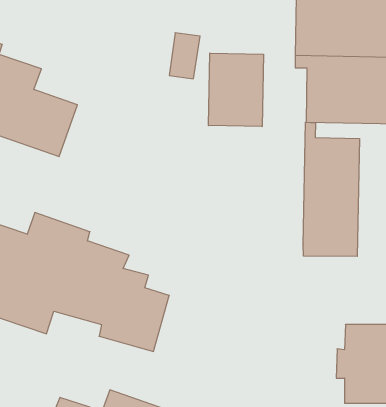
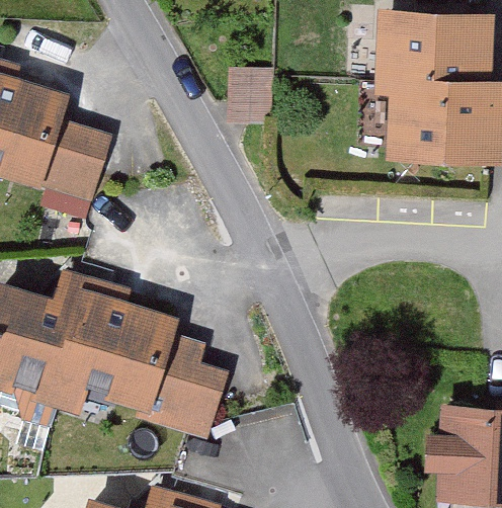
building: [209,53,263,127] -> none
building: [303,122,359,256] -> none

